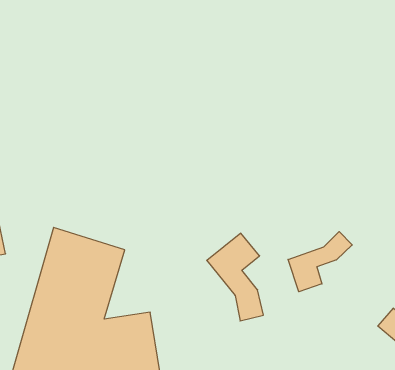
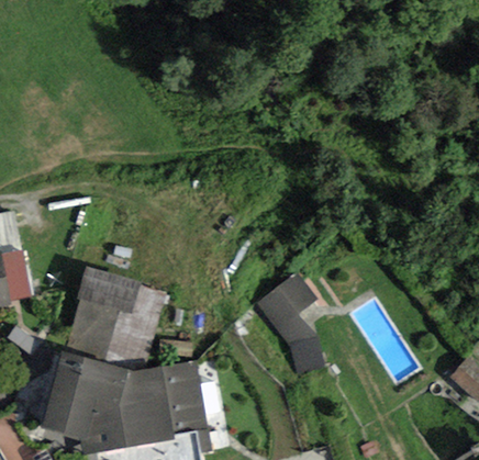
building: [288,232,352,292] -> none

